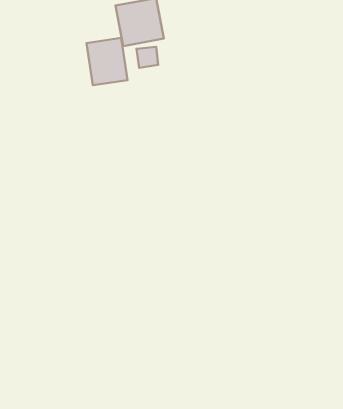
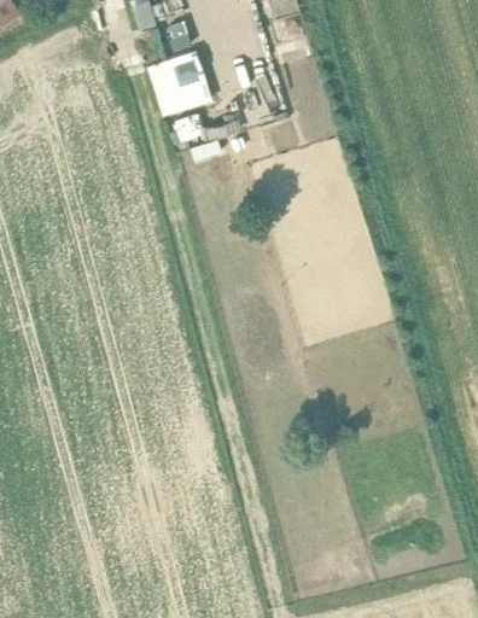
building: [86,38,128,85] -> none

